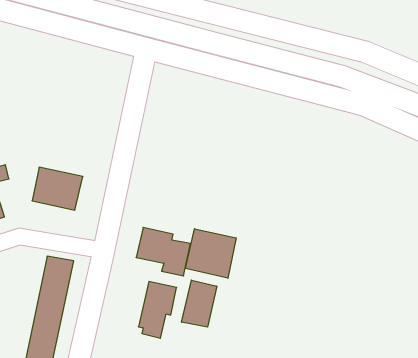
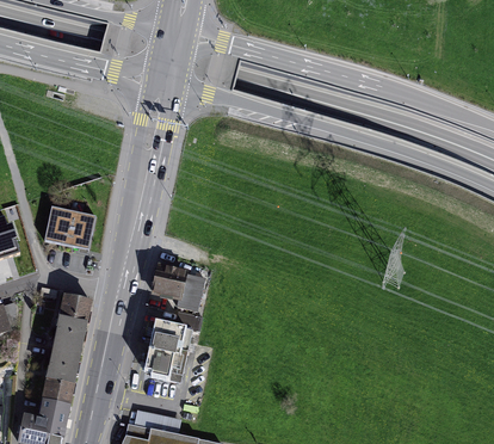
building: [185,229,236,278] -> none
building: [182,280,217,327] -> none

